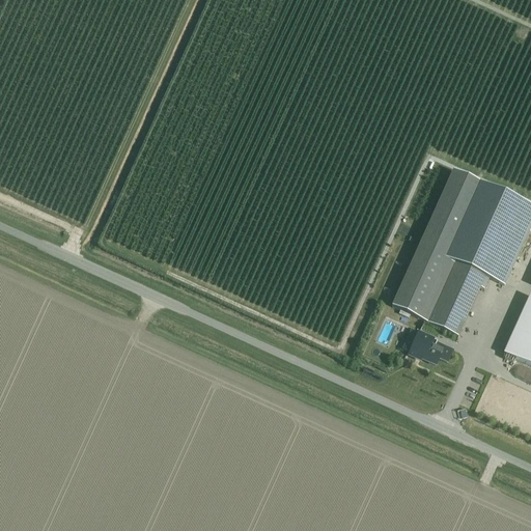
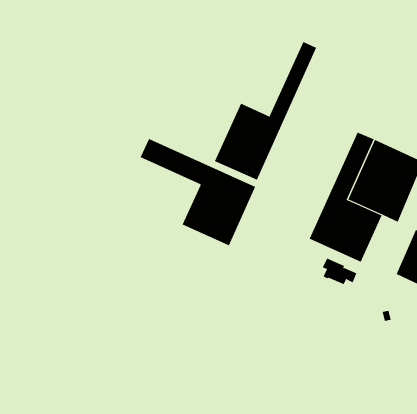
building: none -> [214,41,317,181]
building: none -> [140,138,256,246]

